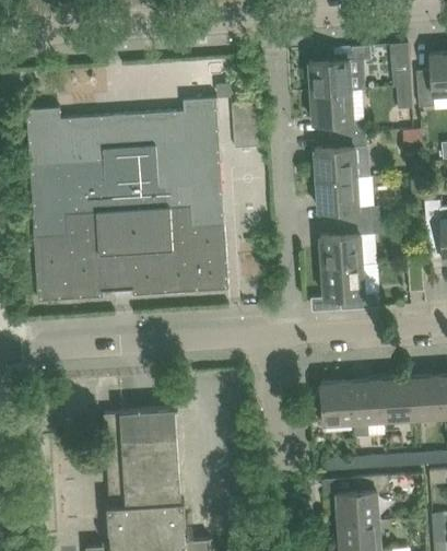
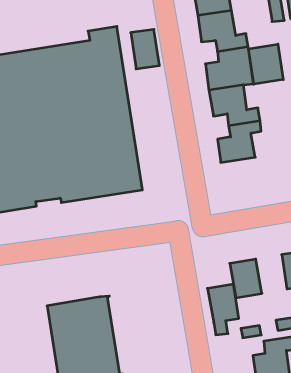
building: none -> [248,44,283,84]
building: [321,265,377,310] -> none
building: [351,380,384,437] -> [207,284,239,335]

